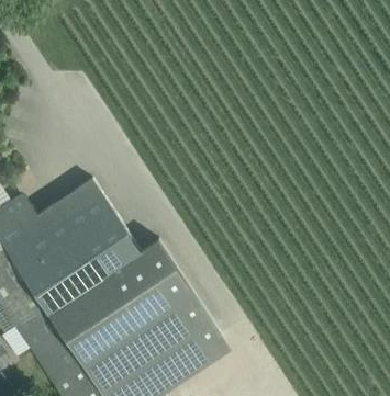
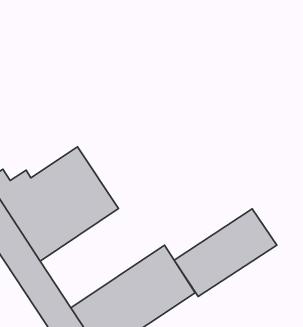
building: [49,240,196,369] -> none
building: none -> [174,209,277,297]

